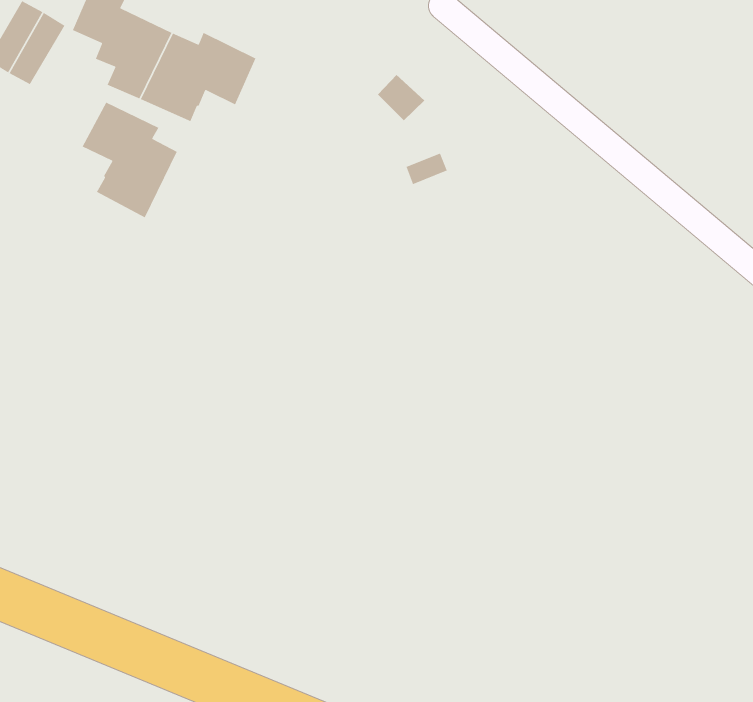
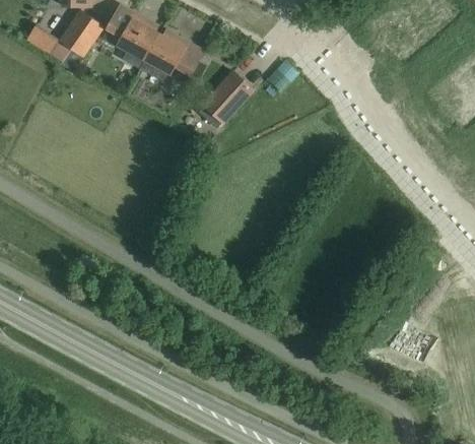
building: none -> [202,70,253,122]
building: [82,101,178,219] -> none

